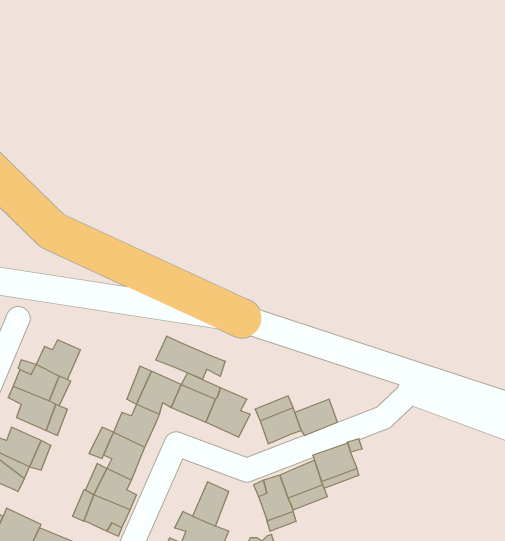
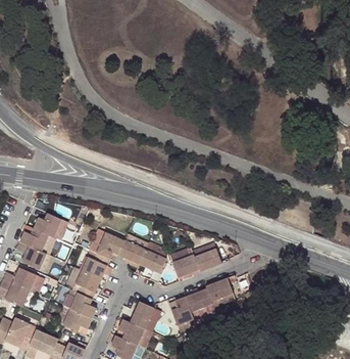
building: [156,336,225,379] -> none

